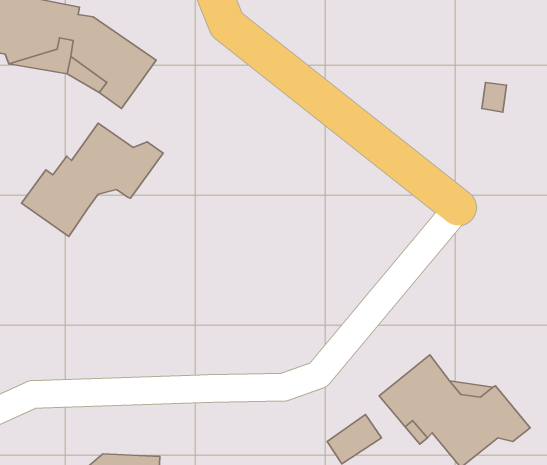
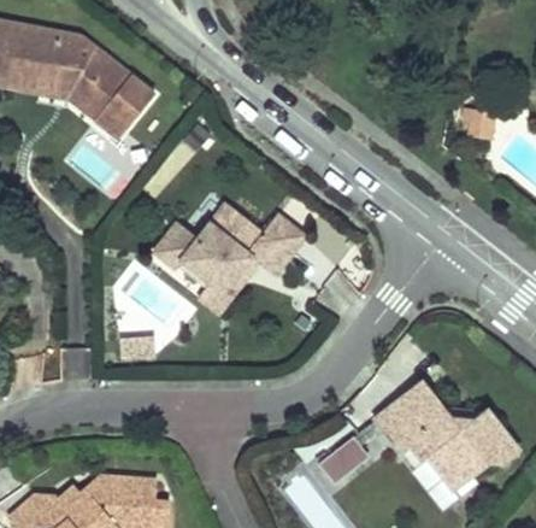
building: [21,123,163,237] -> none
building: none -> [152,207,302,303]

